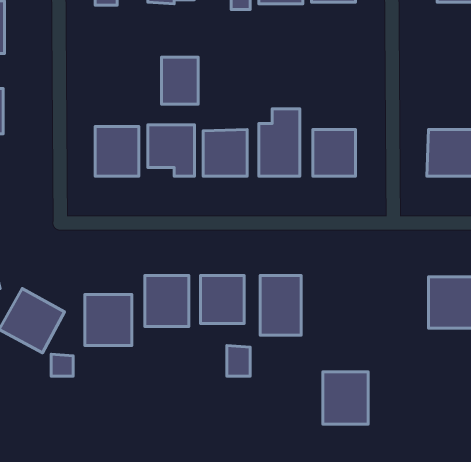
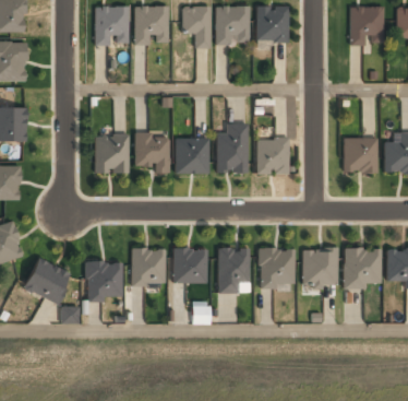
building: [161,57,198,104] -> none
building: none -> [302,249,337,286]
building: [323,372,368,424] -> [260,247,293,286]

